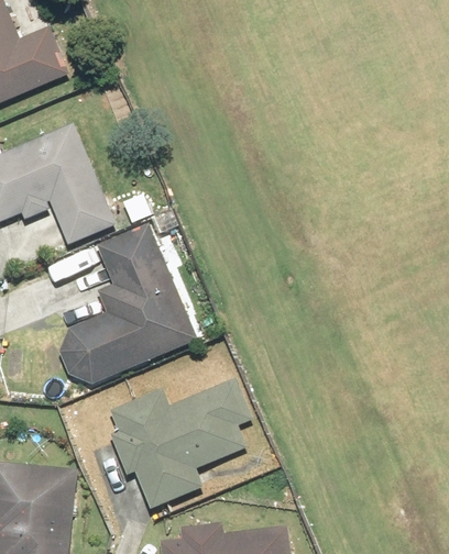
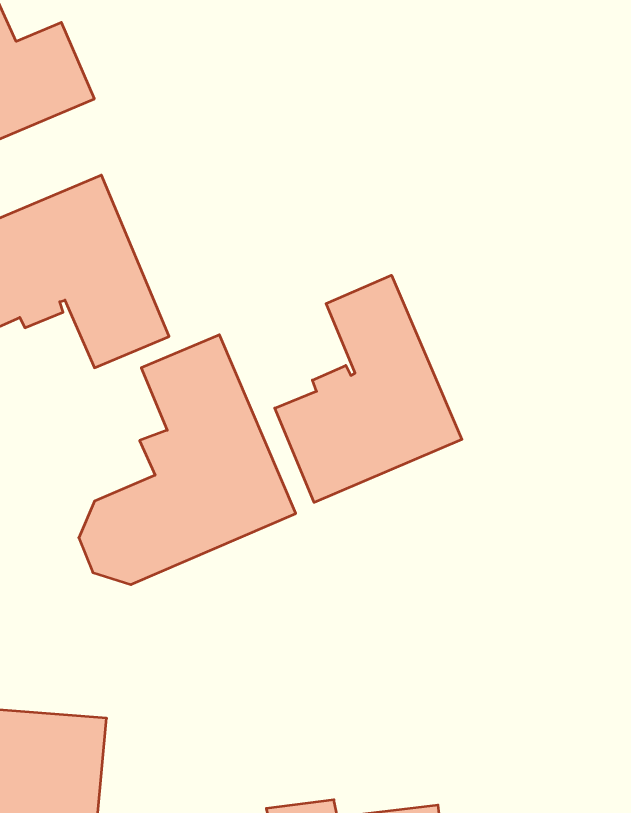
building: none -> [275,275,462,502]
building: [109,375,254,510] -> none

